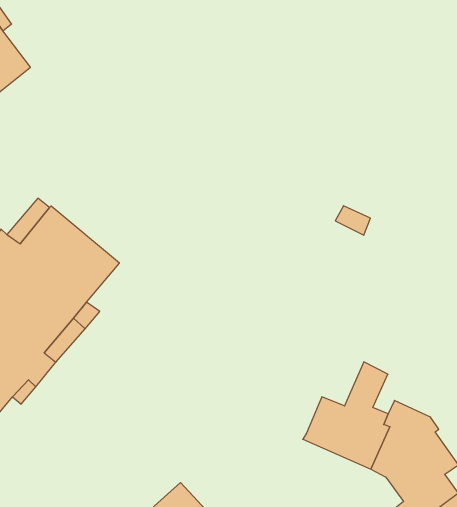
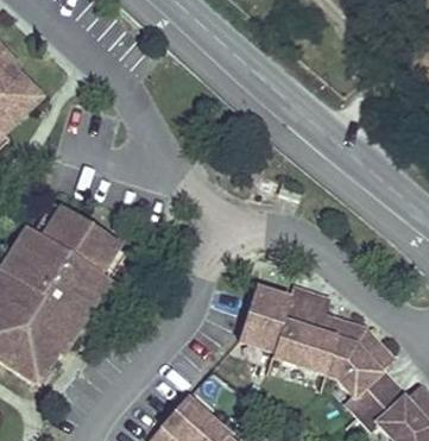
building: none -> [239,288,311,352]

